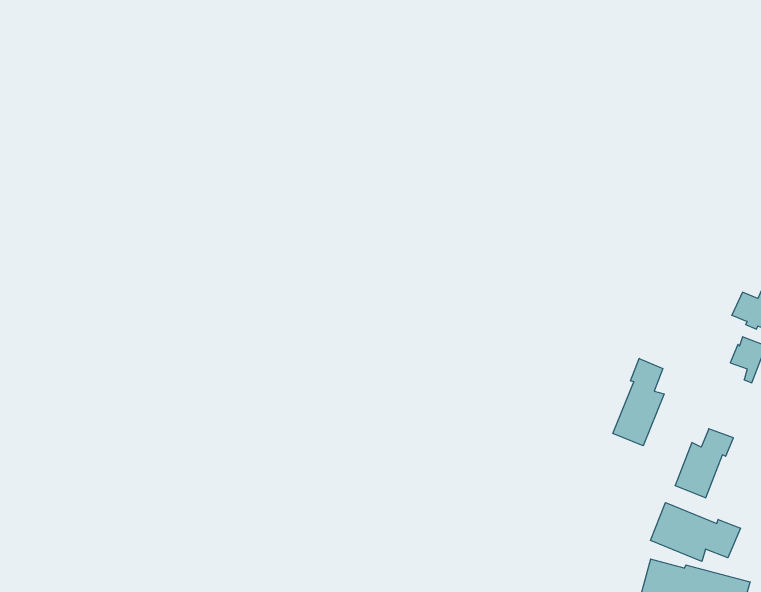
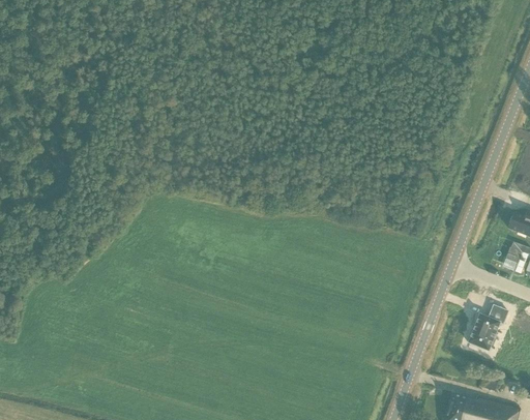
building: [613,358,664,446] -> none
building: [650,503,740,561] -> none

